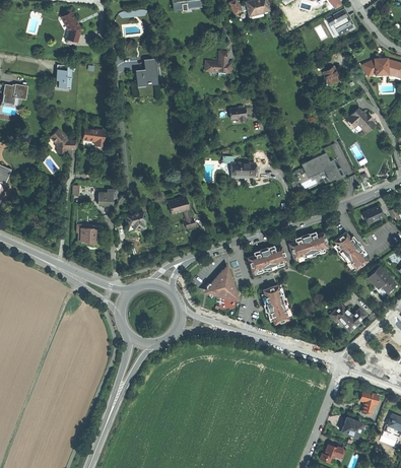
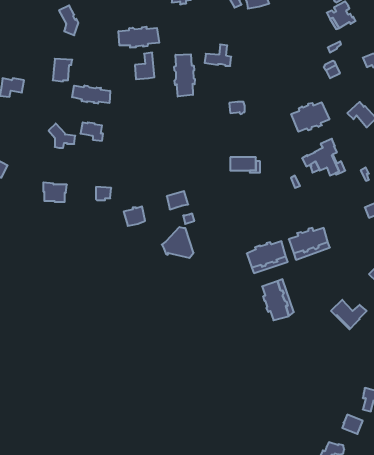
building: none -> [119,27,159,48]
building: none -> [174,54,195,97]
building: none -> [72,85,110,104]
building: none -> [291,102,329,132]
building: [77,223,101,243] -> [43,182,67,202]
building: [333,231,367,270] -> none
building: [205,269,237,299] -> [162,227,194,258]

